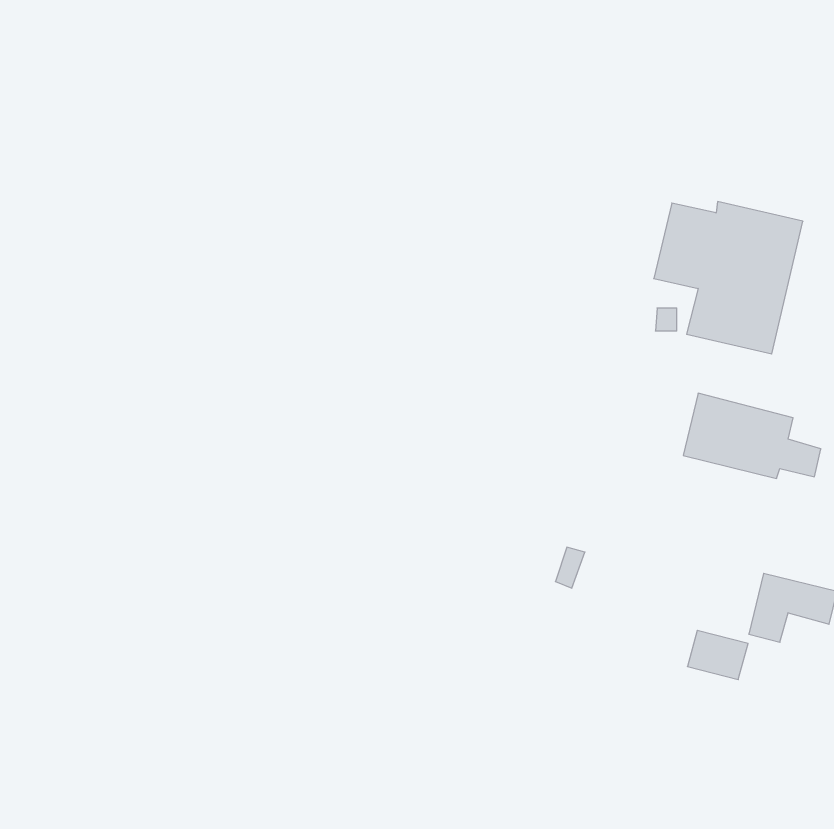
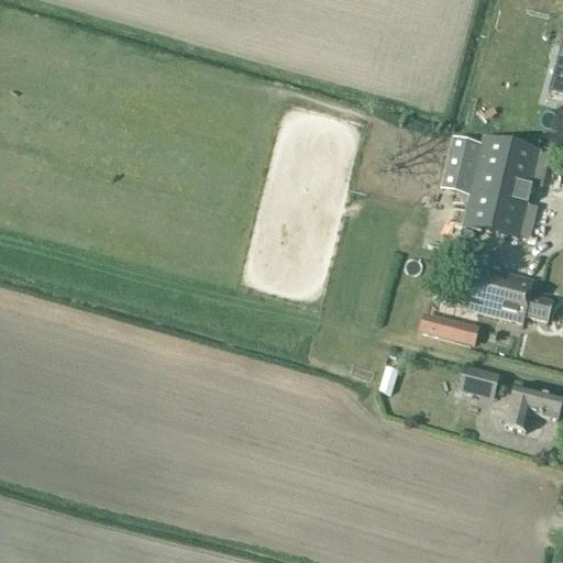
building: none -> [420,311,479,344]
building: [687,630,748,680] -> [460,365,500,398]

